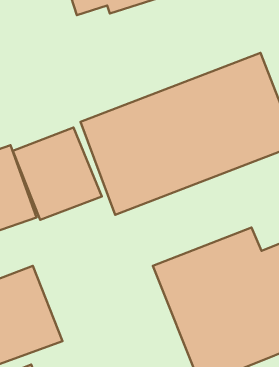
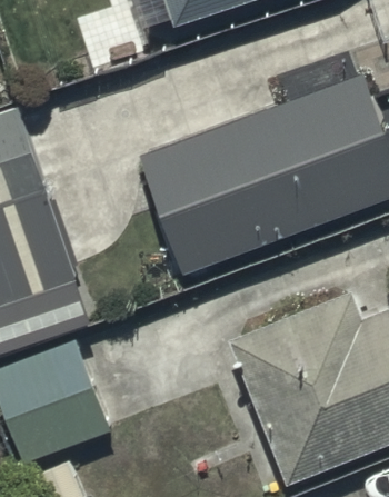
building: [13,127,102,220] -> none

